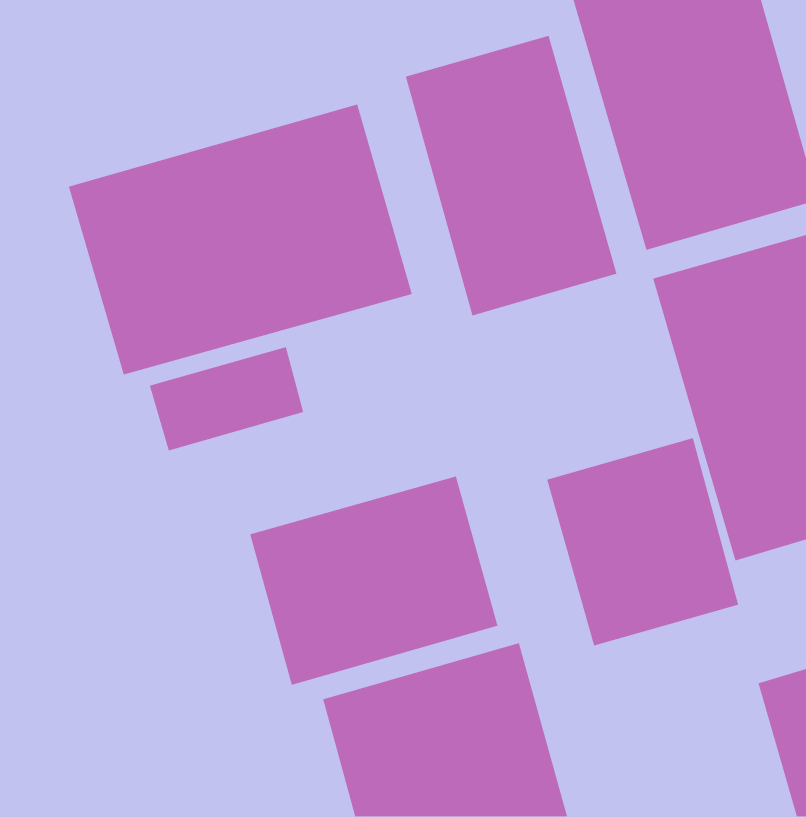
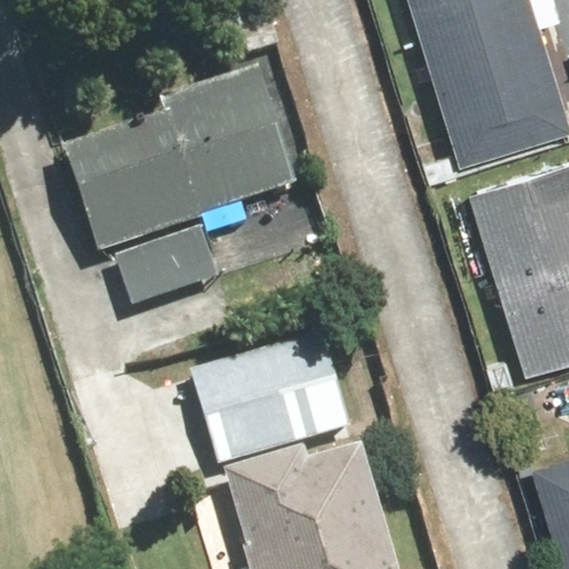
building: [405,35,617,316] -> none
building: [546,437,739,646] -> none

